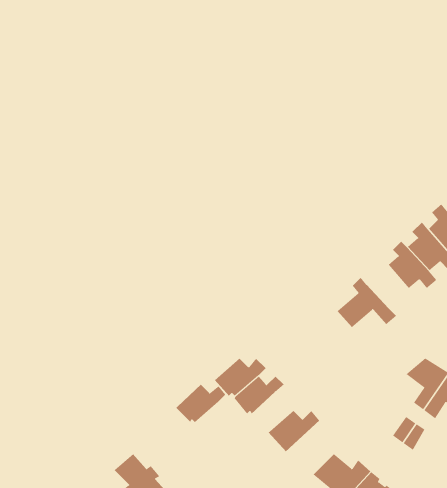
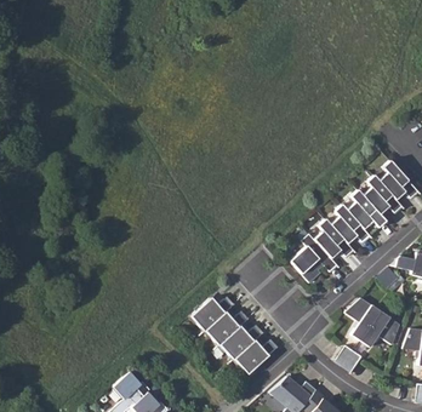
building: none -> [314,218,354,258]
building: [175,384,226,423] -> [219,326,261,357]

